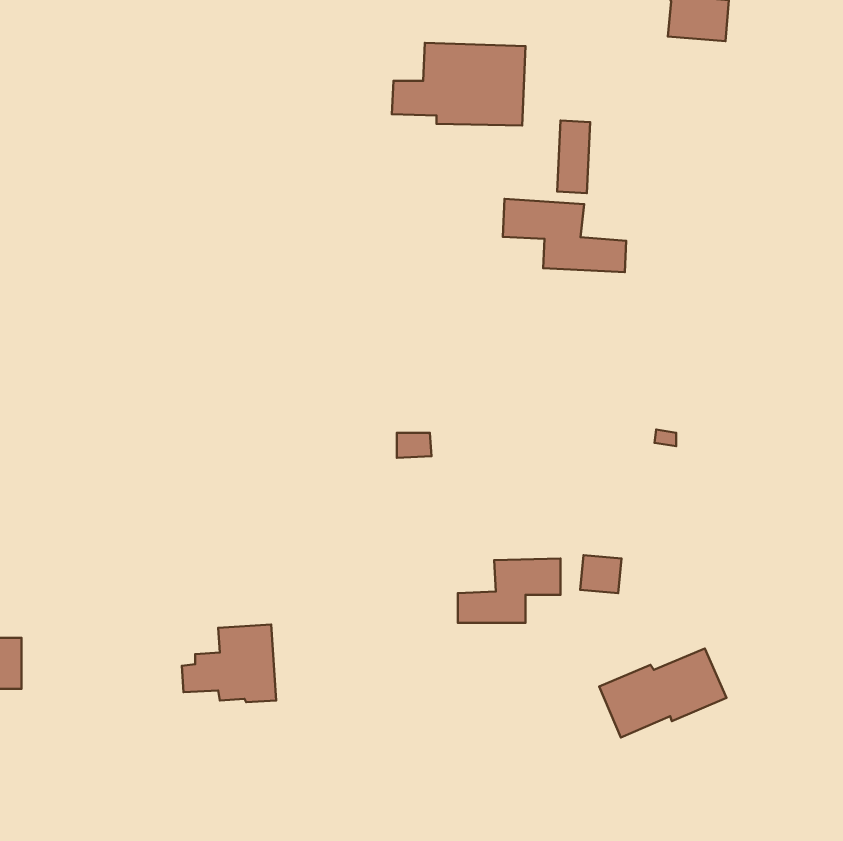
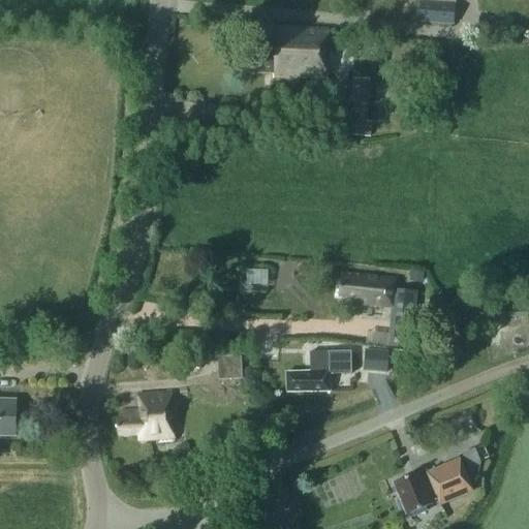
building: [503,199,626,272] -> none
building: none -> [340,273,417,348]
building: none -> [217,354,242,376]
building: [599,648,726,738] -> [393,458,472,514]

